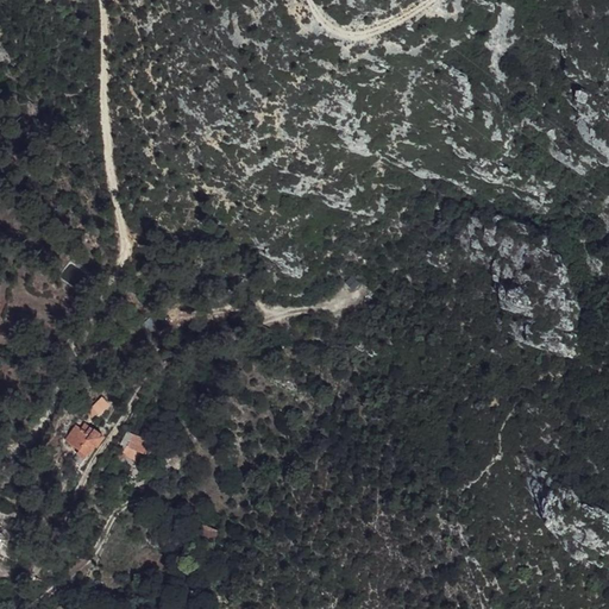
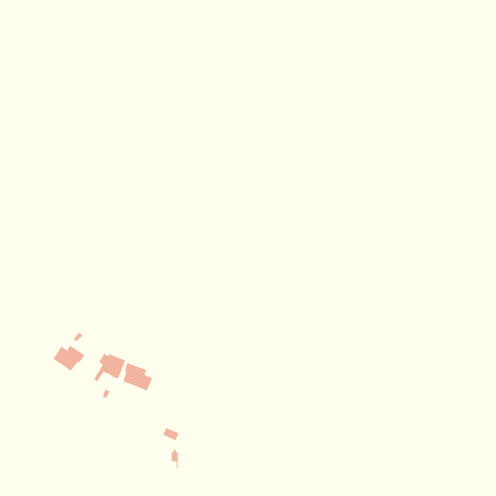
building: none -> [123,362,153,391]

